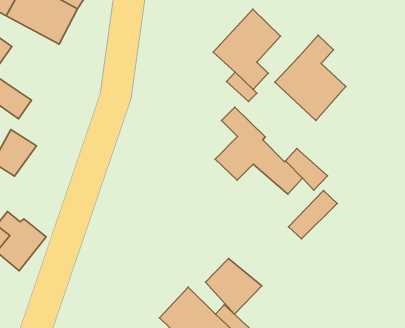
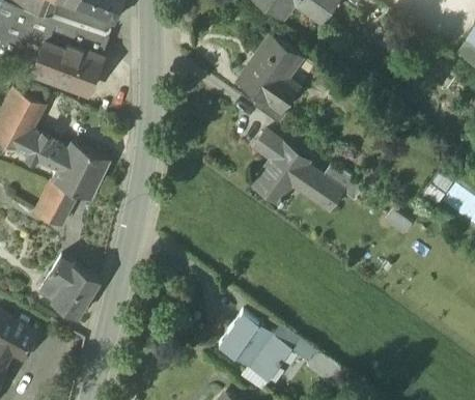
building: [275,35,346,120] -> none
building: none -> [51,142,109,200]
building: [288,191,337,239] -> none
building: [205,258,262,314] -> none

